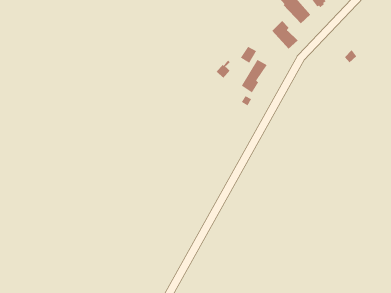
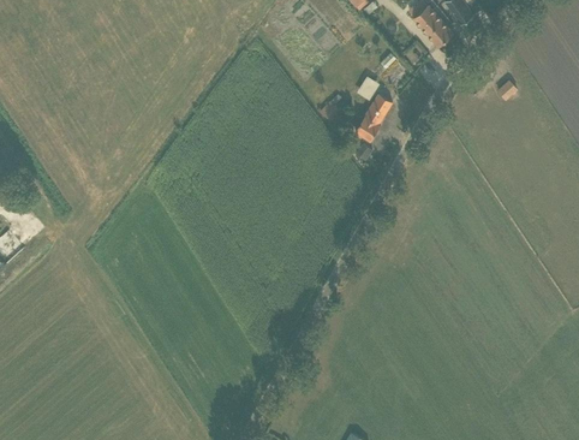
building: [271,20,298,49] -> none

